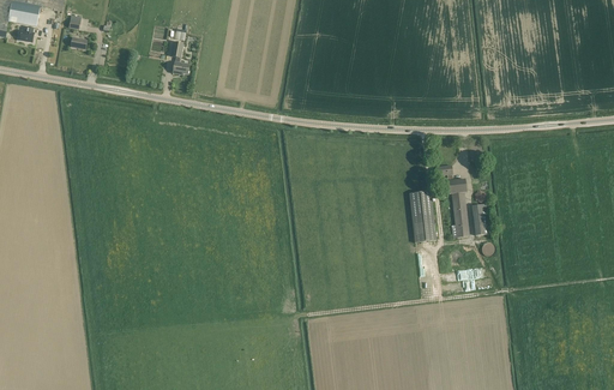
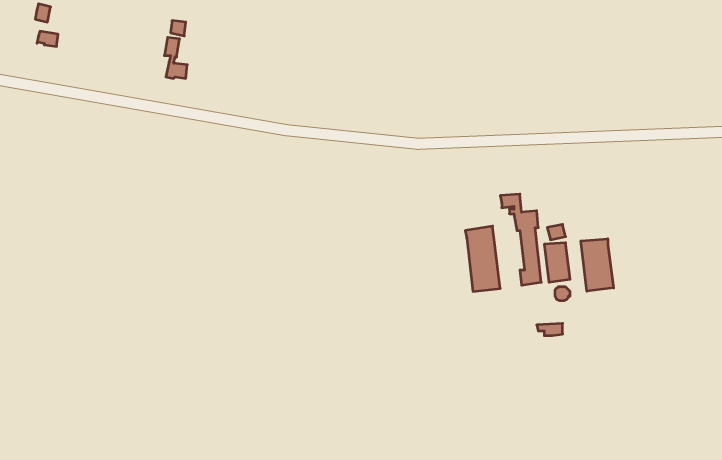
building: none -> [581,239,614,291]

